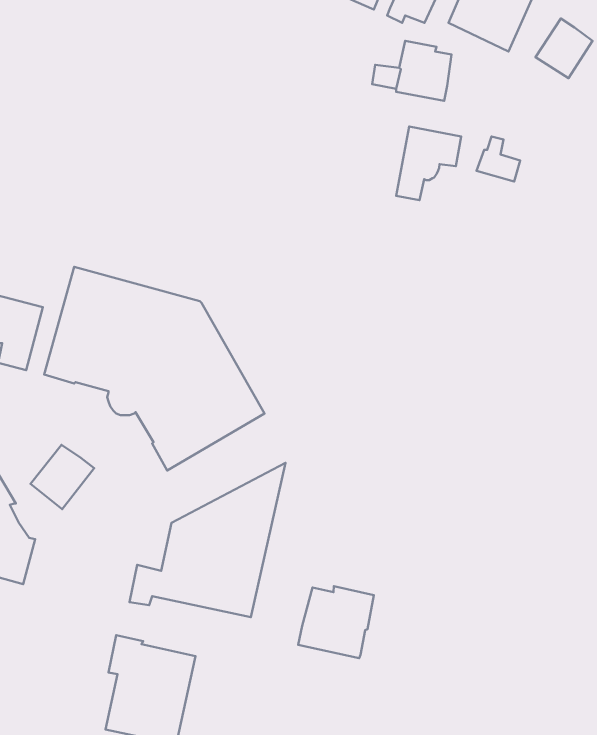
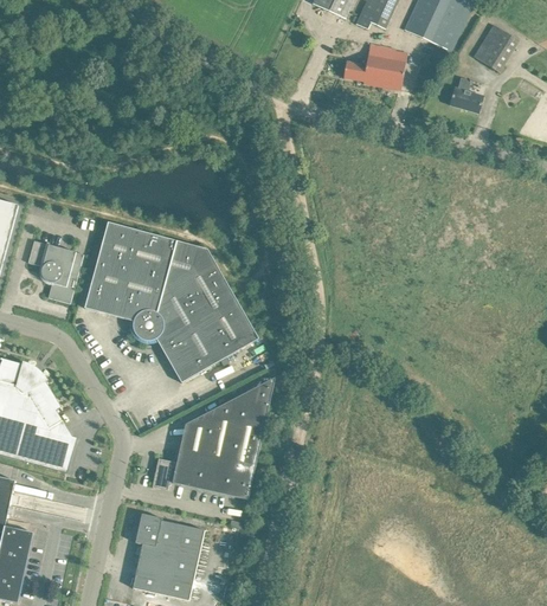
building: [396,127,461,200] -> none
building: [477,136,520,181] -> [449,77,483,112]
building: [30,445,94,509] -> none
building: [298,586,374,658] -> none

